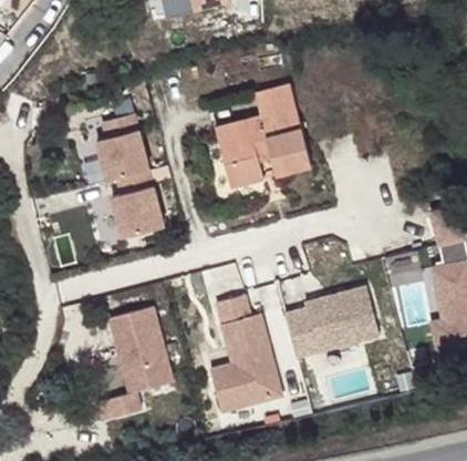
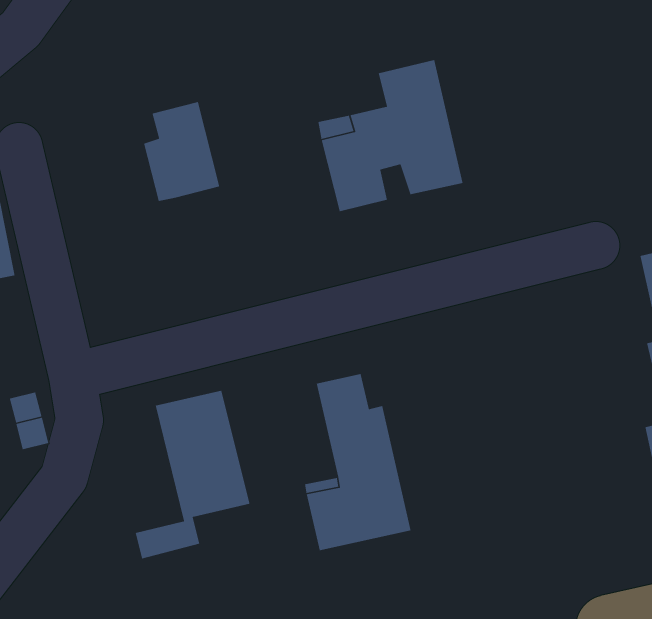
building: [113,170,165,236] -> none
building: [281,289,372,358] -> none

